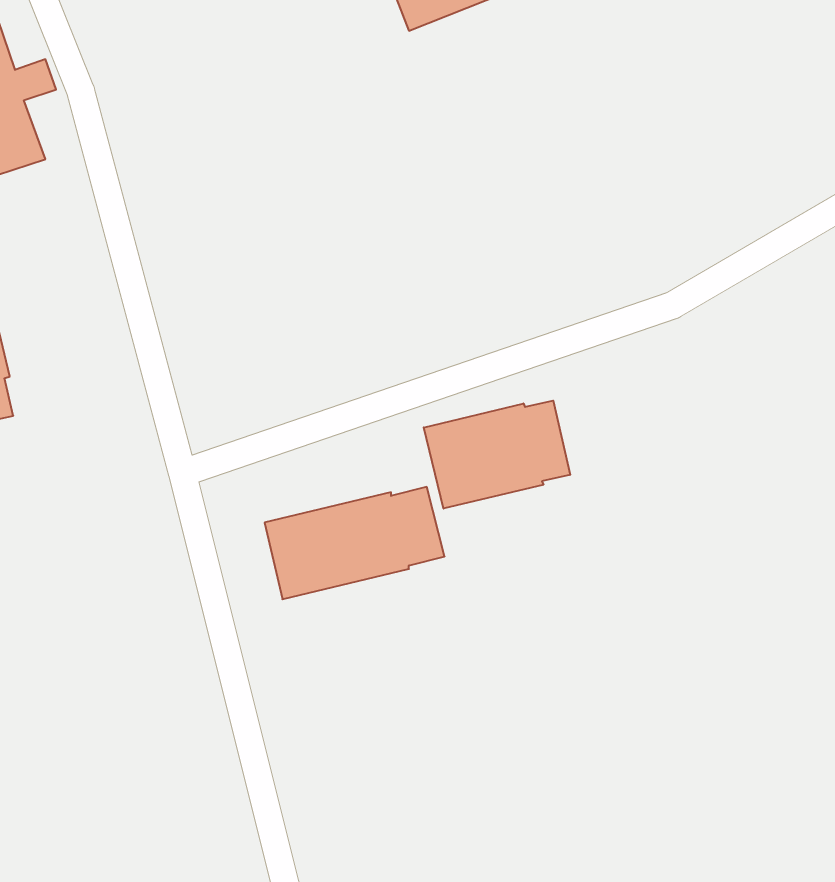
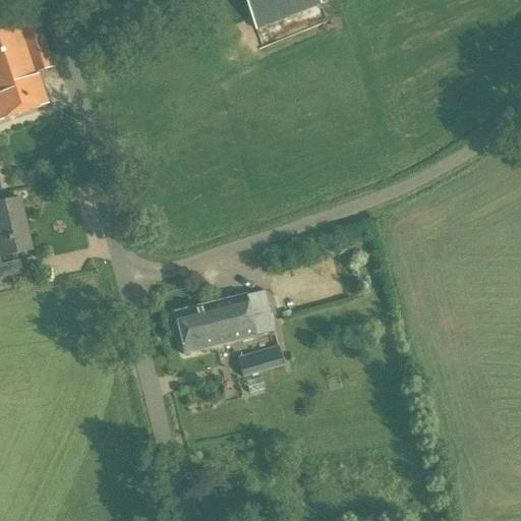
building: [424,401,570,509] -> none
building: none -> [236,344,284,375]

